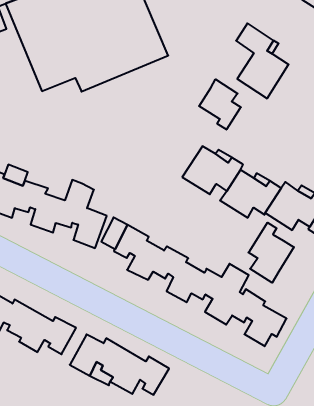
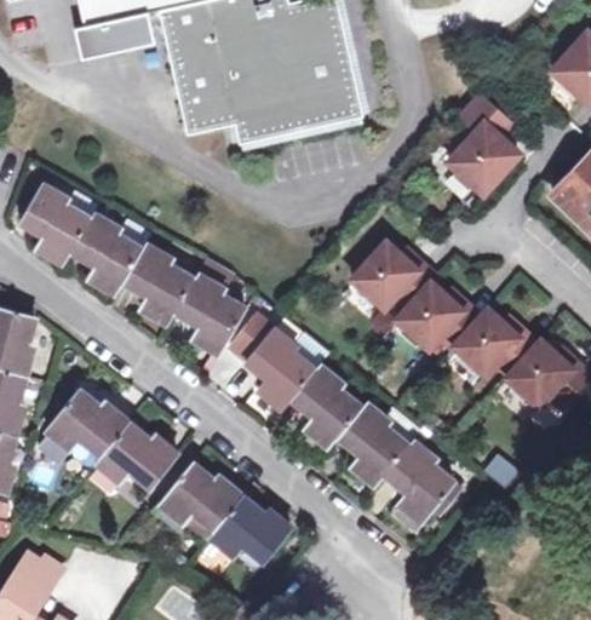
building: [199,79,241,130] -> none
building: [248,223,294,283] -> none

